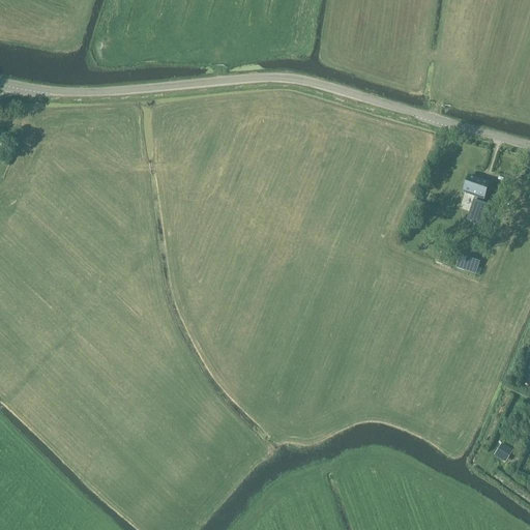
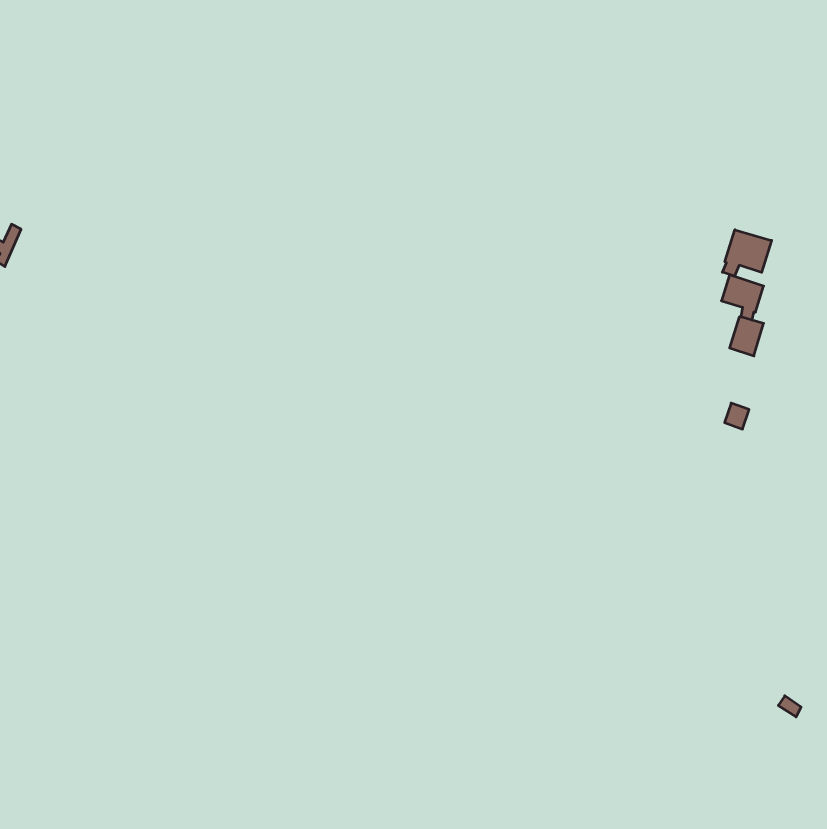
building: none -> [722,230,772,276]

